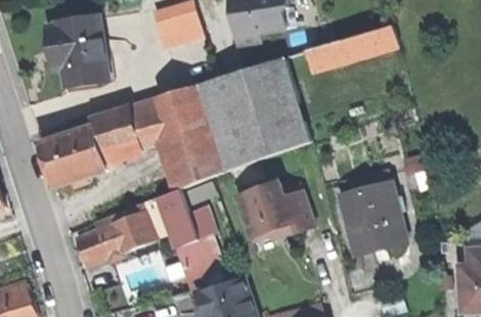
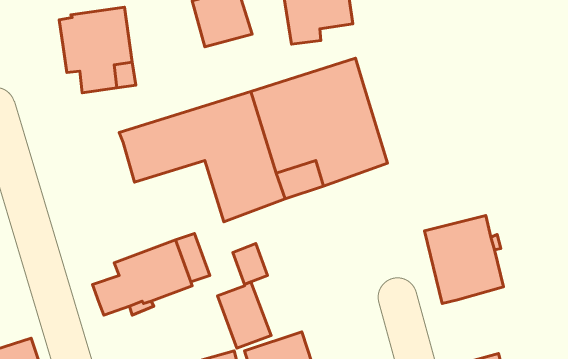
building: [286,22,400,77] -> none
building: [44,124,113,186] -> none
building: [234,181,312,237] -> none
building: [157,188,196,246] -> none

